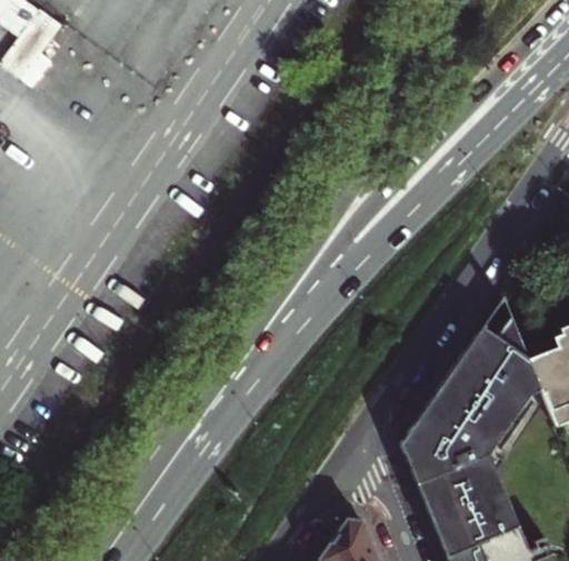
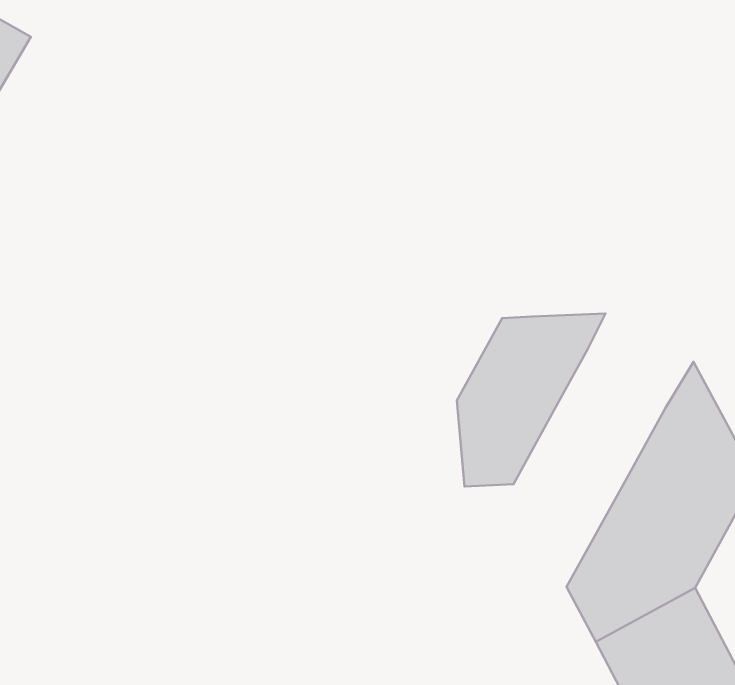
building: none -> [457,314,606,487]

